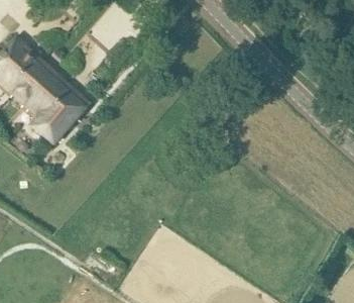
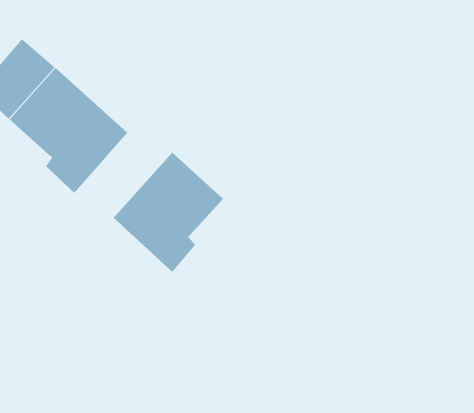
building: none -> [113,152,224,273]

